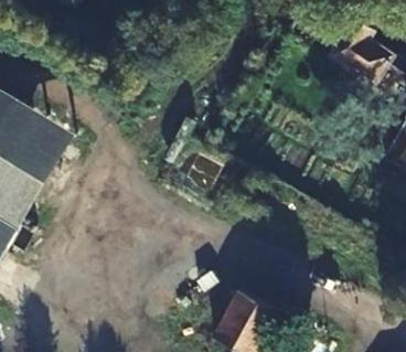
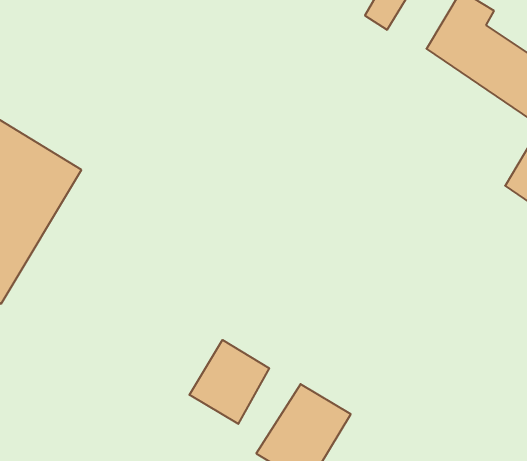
building: none -> [189,340,269,424]

